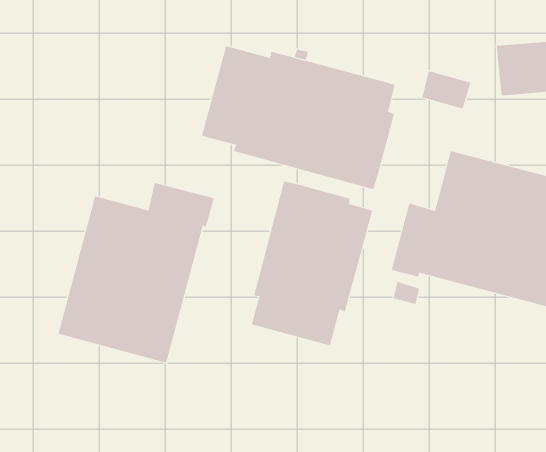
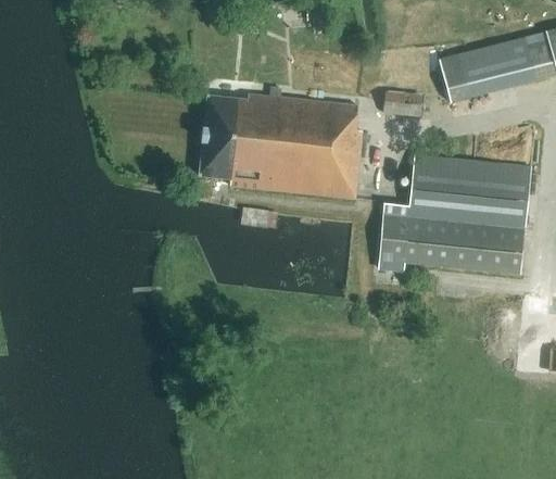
building: [251,181,373,346] -> none
building: [58,182,215,364] -> none

